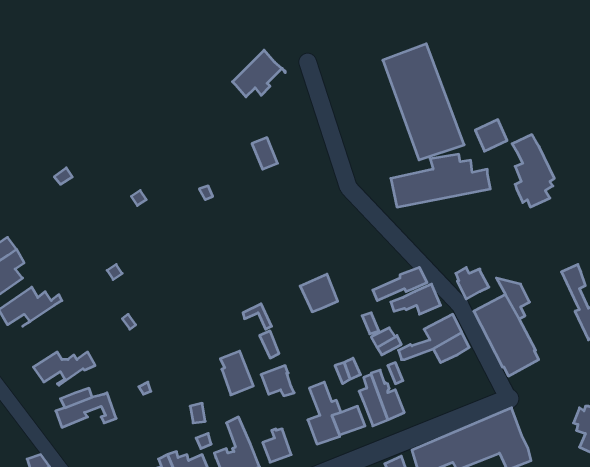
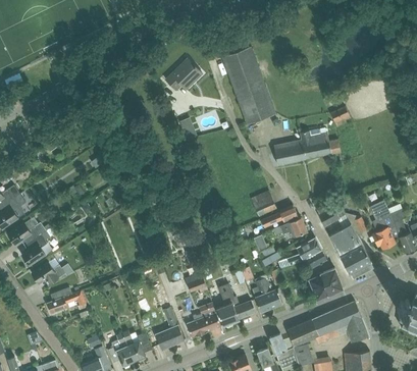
building: [383,44,464,160] -> [221,46,276,124]
building: [512,135,554,207] -> [370,201,399,250]
building: [300,274,338,312] -> [251,191,276,216]
building: none -> [21,231,52,266]
building: [220,351,253,395] -> [199,303,221,332]
building: none -> [309,268,343,301]

